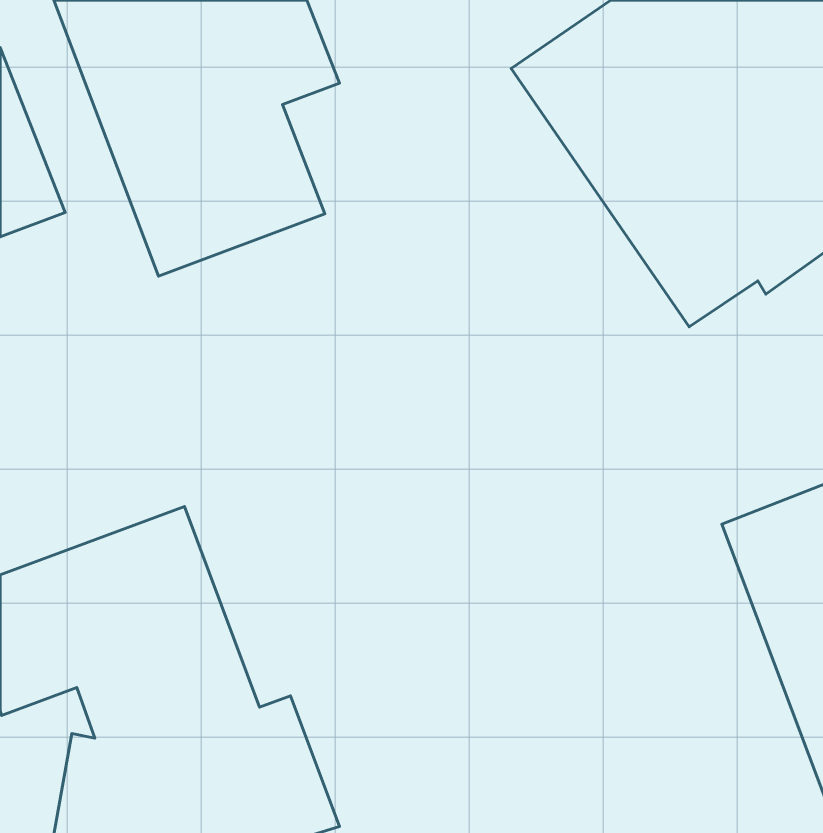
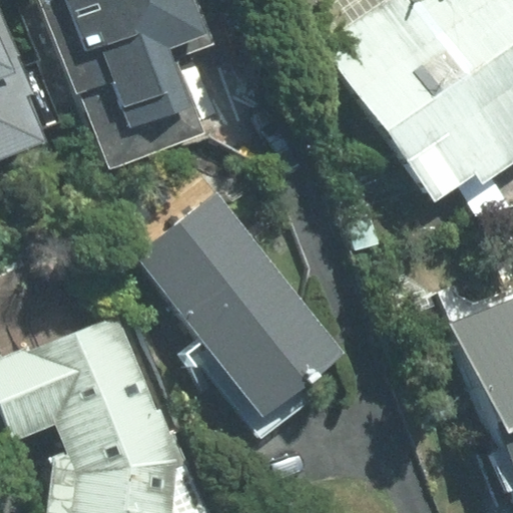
building: none -> [135,190,340,413]

